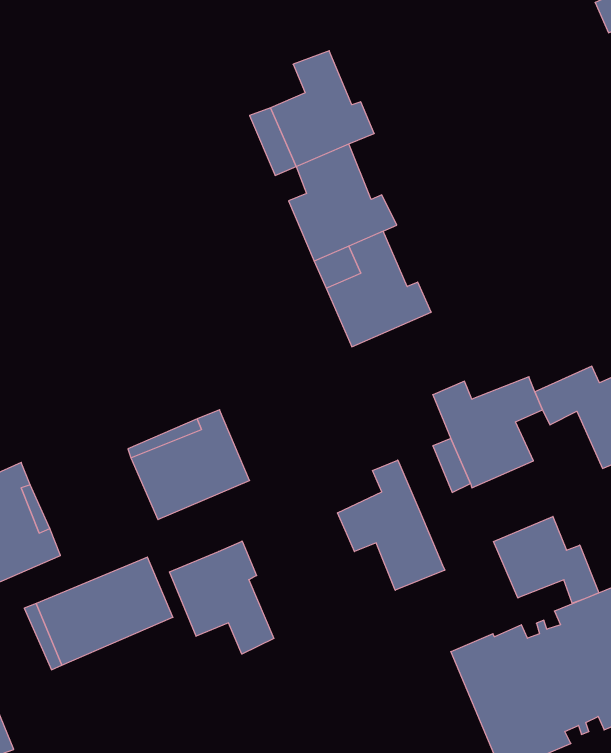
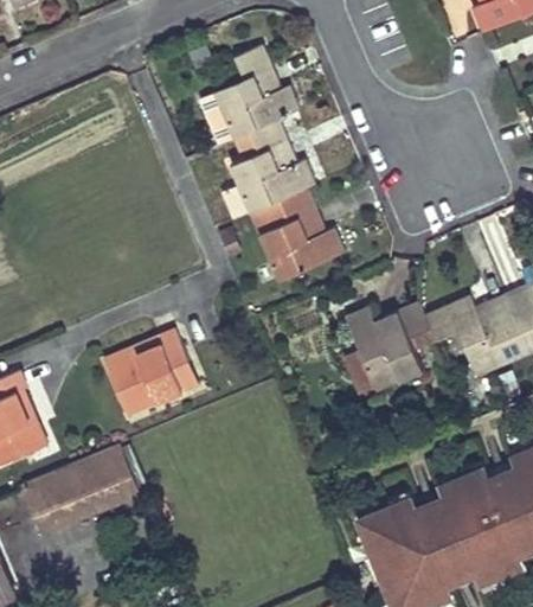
building: [338,460,445,590] -> none
building: [494,516,599,603] -> none
building: [170,541,274,654] -> none

